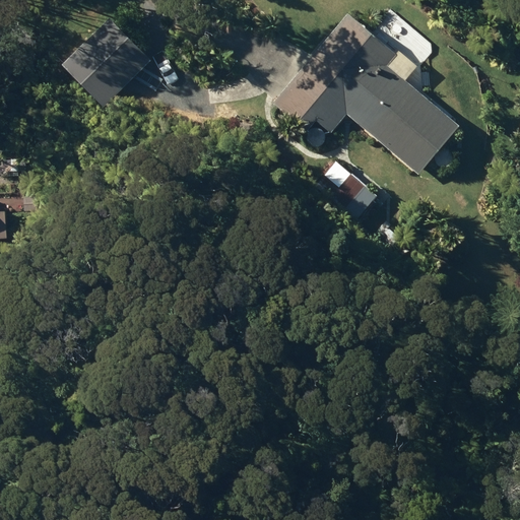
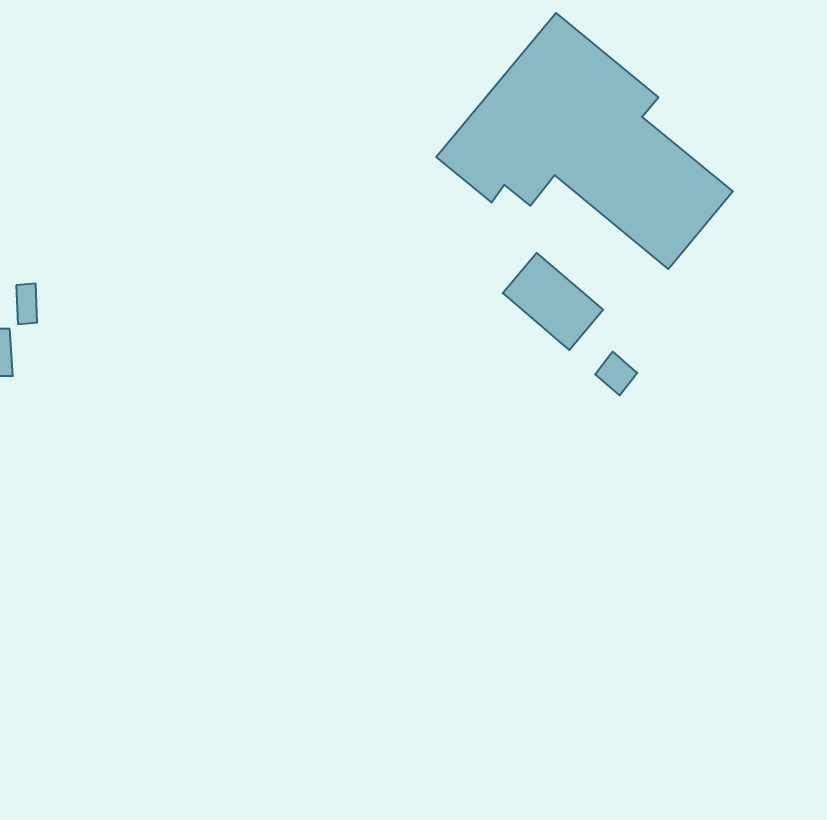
building: [62,18,152,109] -> none

